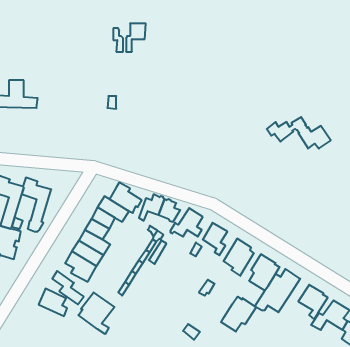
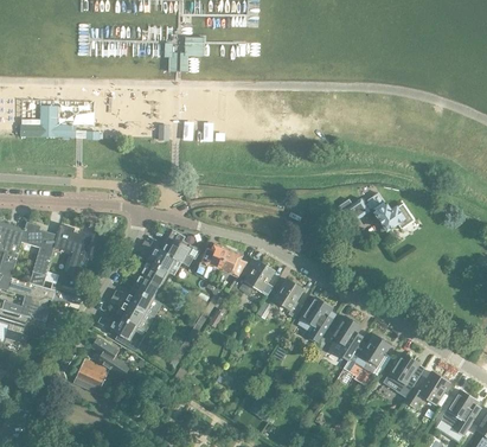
building: [267,117,331,149] -> [335,191,412,229]
building: [78,292,114,334] -> none
building: [221,297,256,332] -> none

